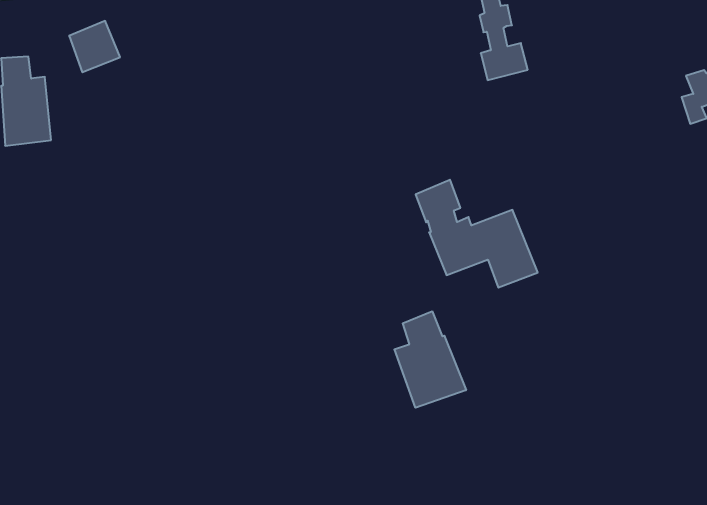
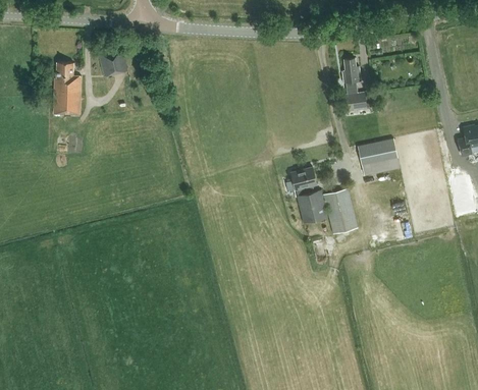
building: none -> [357,138,400,175]
building: [394,311,466,408] -> none

